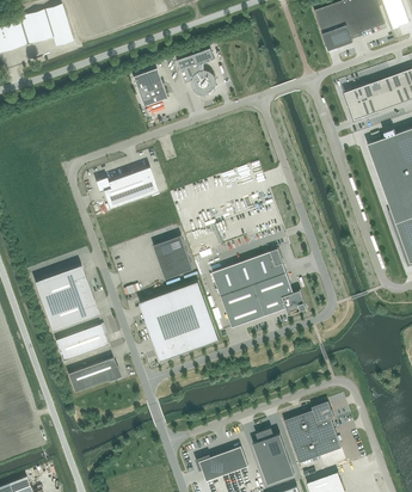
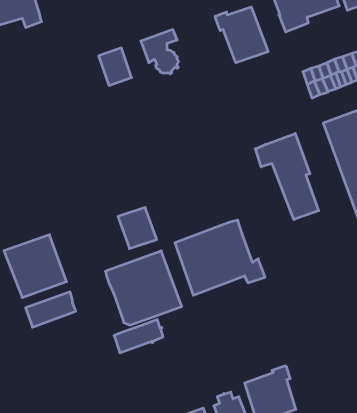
building: none -> [215,7,268,63]
building: none -> [255,133,319,220]
building: [97,166,159,208] -> none
building: [68,357,119,392] -> [114,320,163,353]

